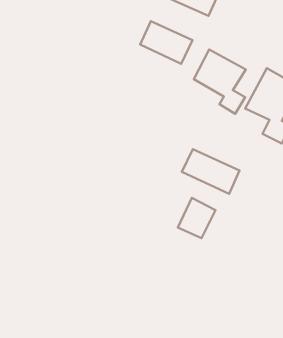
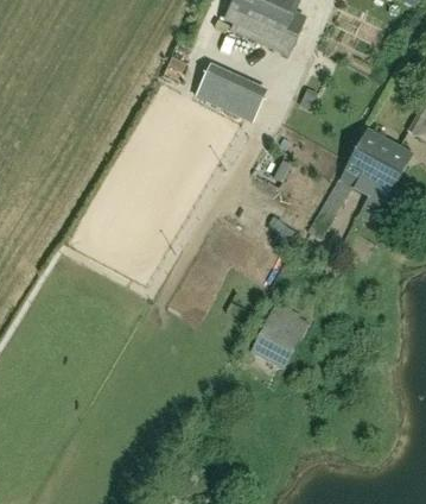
building: [194,50,246,114] -> none
building: [182,149,239,194] -> none

